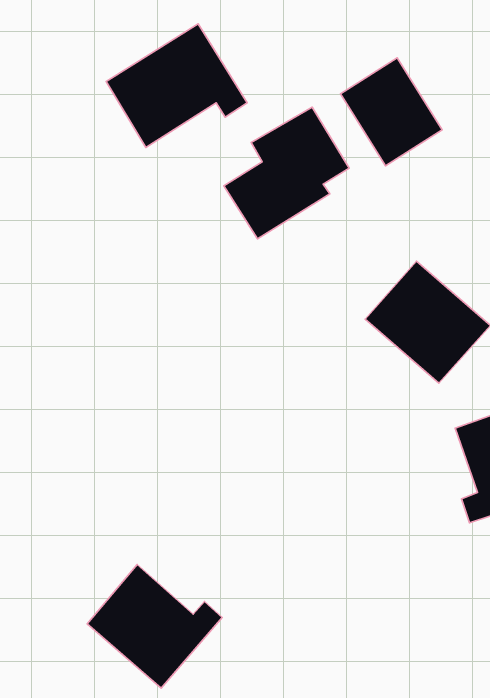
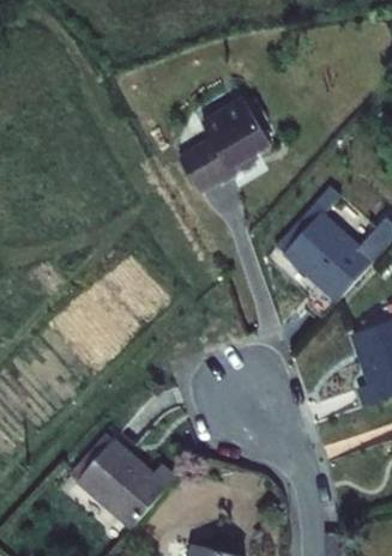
building: [106,24,247,148] -> none
building: [341,58,442,166] -> none

